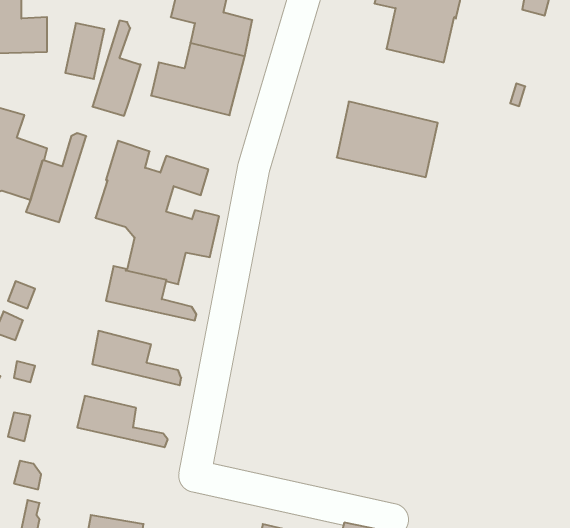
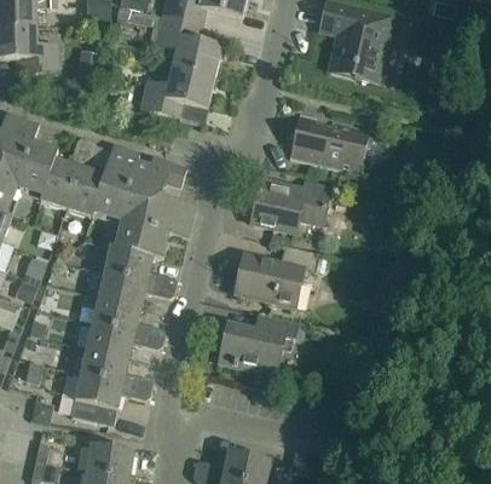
building: [92,21,141,116] -> [67,139,105,215]
building: none -> [250,177,330,231]
building: none -> [233,244,317,307]
building: none -> [98,271,175,306]
building: none -> [218,313,298,374]
building: none -> [87,322,163,357]
building: none -> [70,373,151,426]

